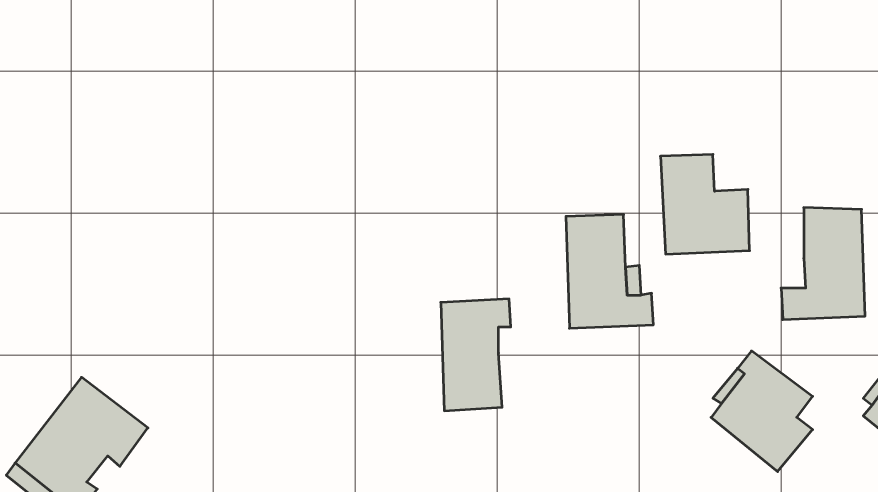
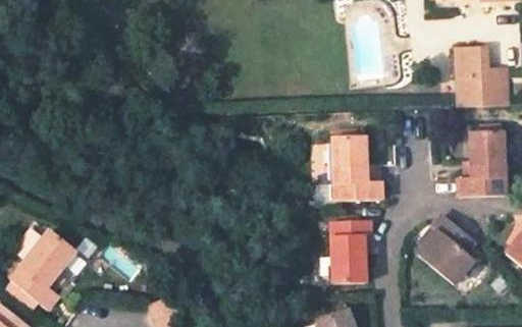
building: [660,154,750,254] -> [455,48,507,106]
building: [441,299,511,411] -> [330,218,371,283]

